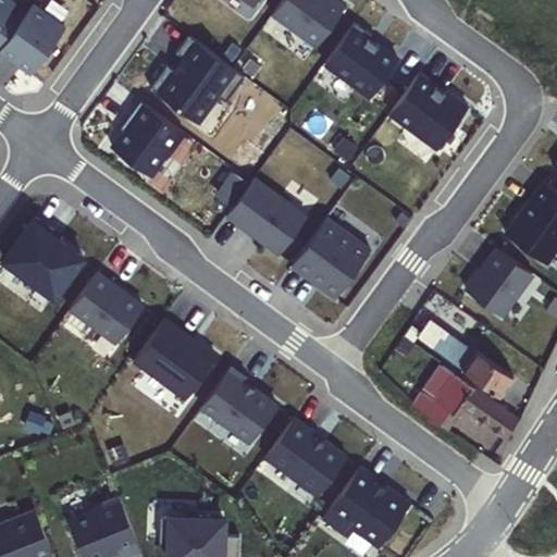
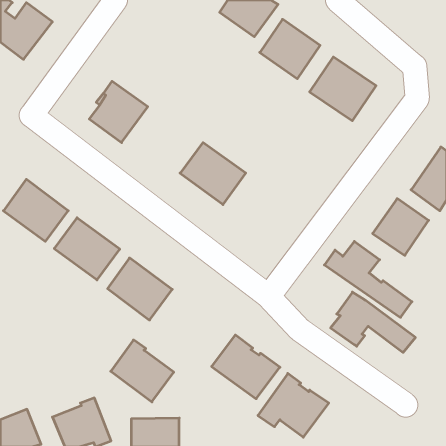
building: [150,36,245,124] -> none
building: [290,218,370,298] -> none
building: [201,367,280,444] -> [111,340,174,402]

